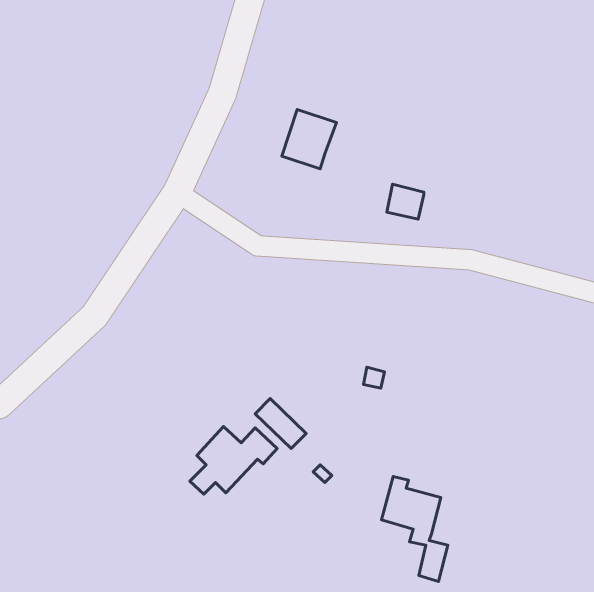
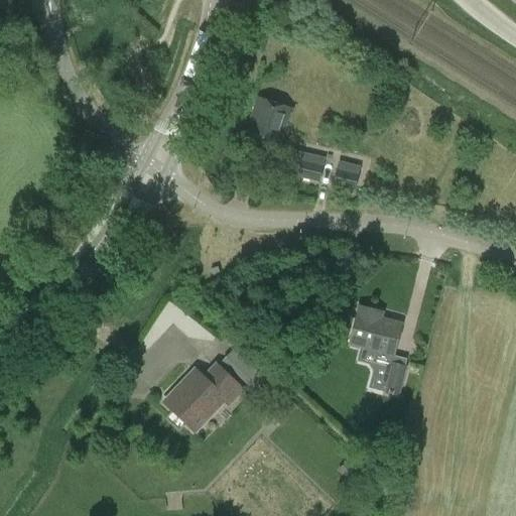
building: none -> [291,149,324,179]
building: [382,477,448,581] -> [349,303,406,394]

